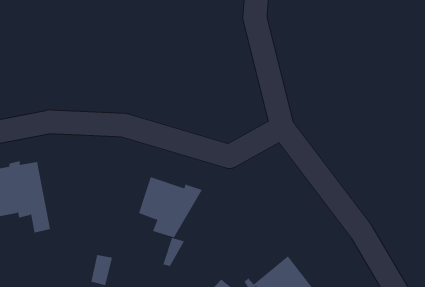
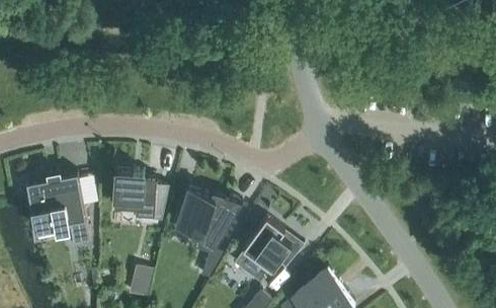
building: none -> [113,170,169,221]
building: none -> [235,217,304,282]

